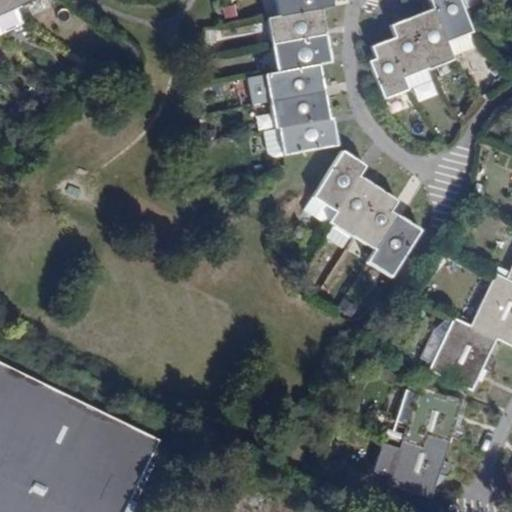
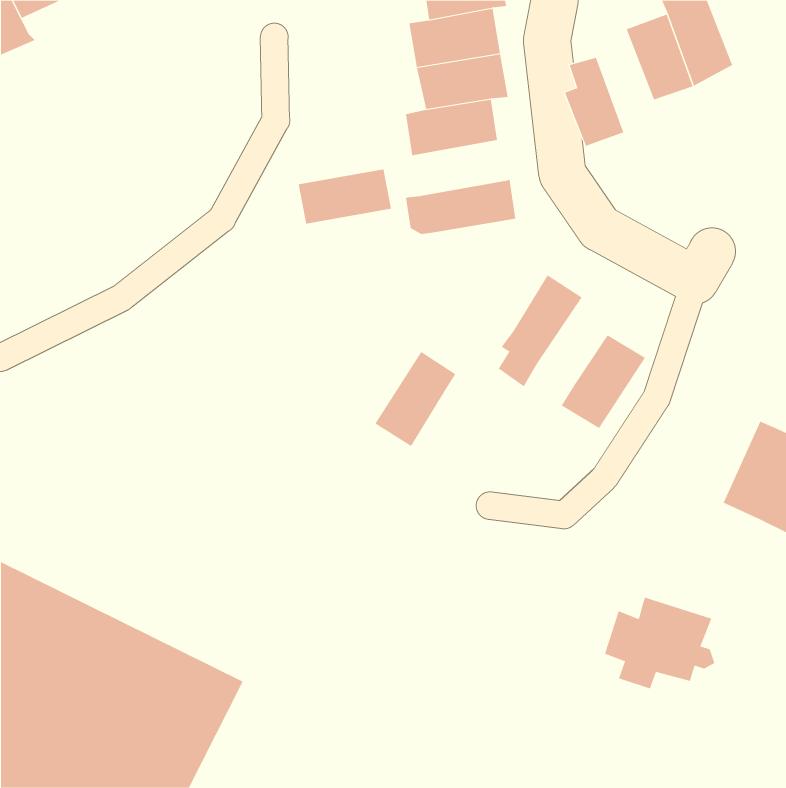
building: [388,19,429,86] -> none
building: [268,91,329,127] -> [298,169,392,224]
building: [310,152,363,214] -> [375,351,456,447]
building: [350,193,395,250] -> none
building: [420,318,495,390] -> none
building: [373,435,452,498] -> none

